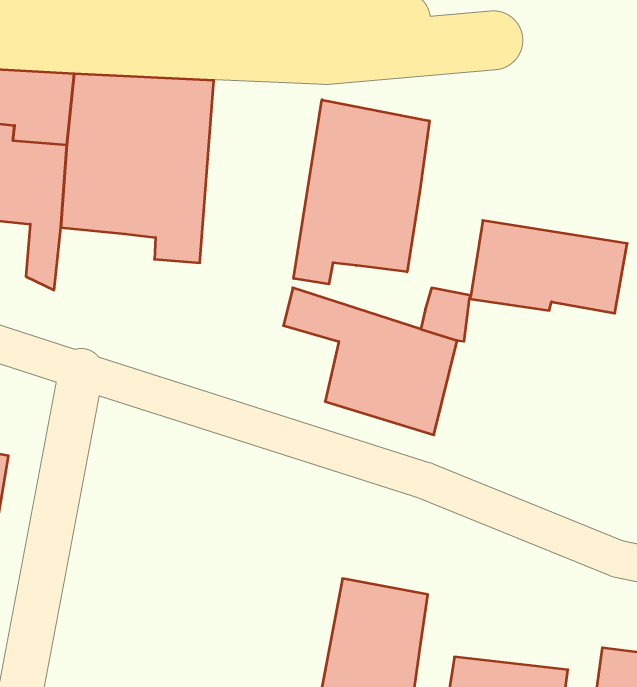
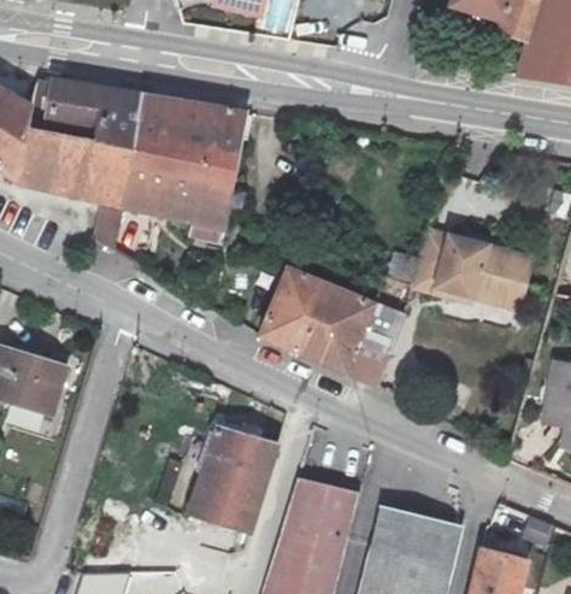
building: [294,100,429,284] -> none
building: none -> [258,293,313,351]
building: none -> [188,424,277,528]
building: none -> [372,510,460,563]

